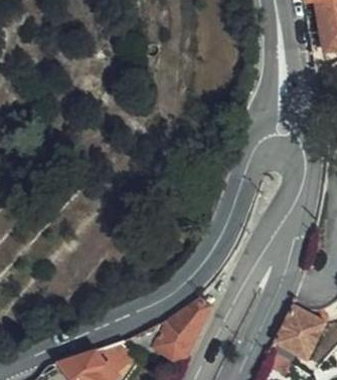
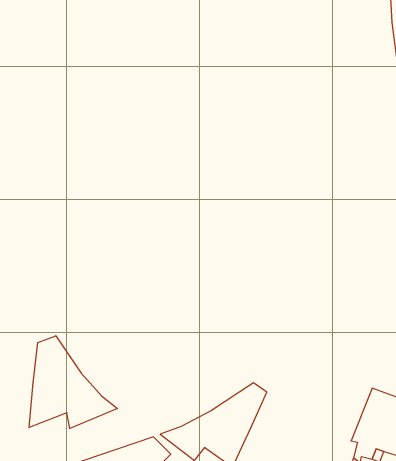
building: none -> [29,336,117,429]

